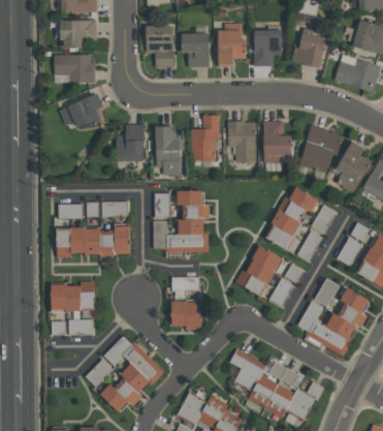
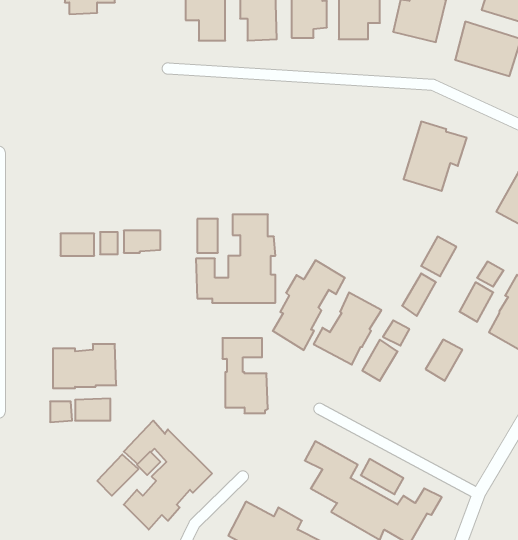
building: [54,55,95,83] -> none
building: [59,94,103,129] -> none
building: [190,114,219,160] -> none
building: [227,120,255,161] -> none
building: [262,120,292,161] -> none
building: [117,124,146,160] -> none
building: [157,125,183,174] -> none
building: [336,140,373,192] -> none
building: [267,186,318,249] -> [273,260,345,350]
building: [57,224,132,256] -> none
building: [297,286,371,355] -> none

